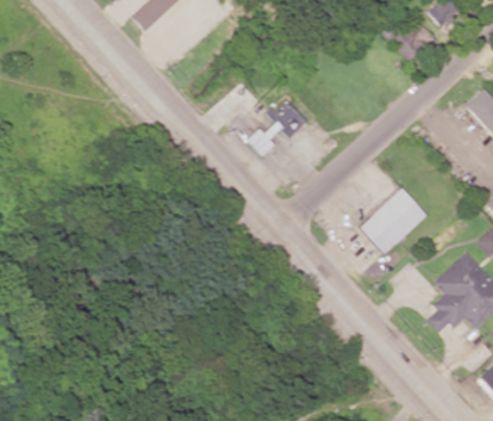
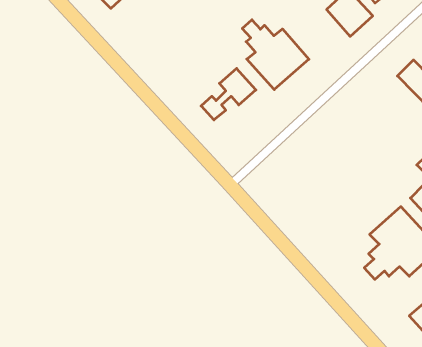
building: none -> [242,20,309,90]
building: [360,186,428,254] -> none

